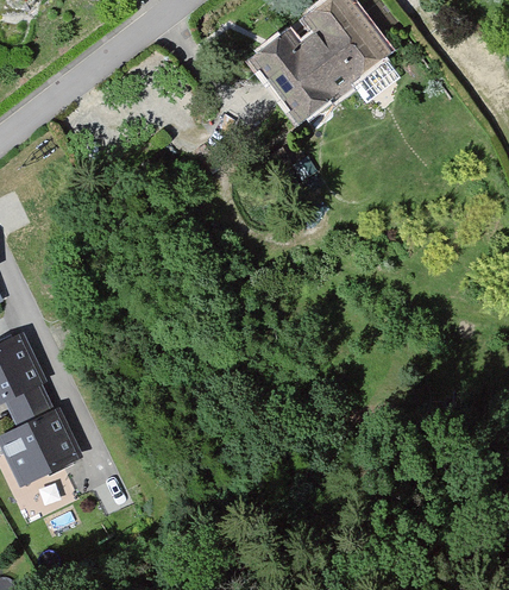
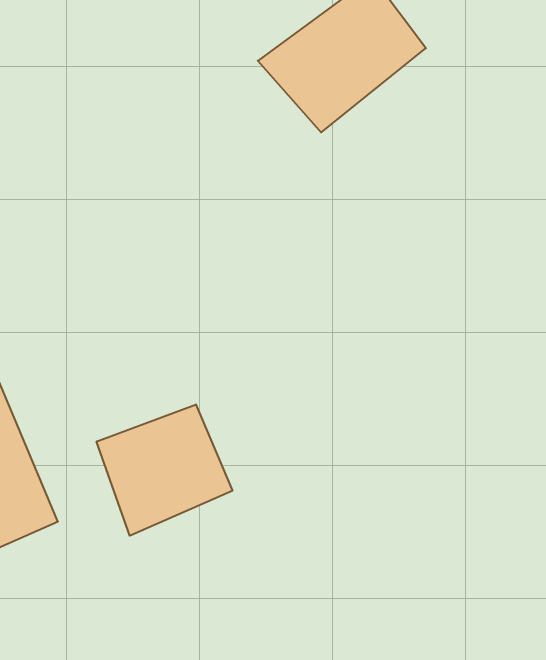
building: none -> [97,404,232,536]

